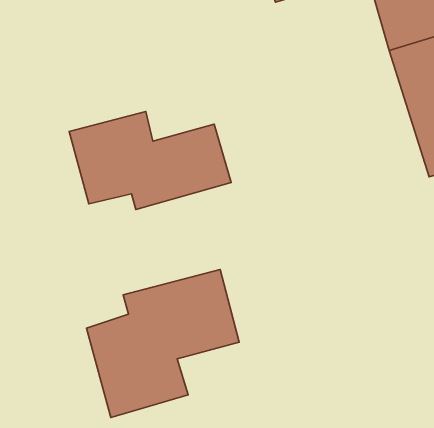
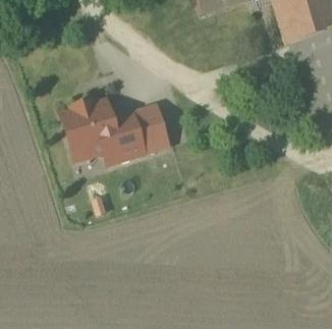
building: [86,269,239,418] -> none

